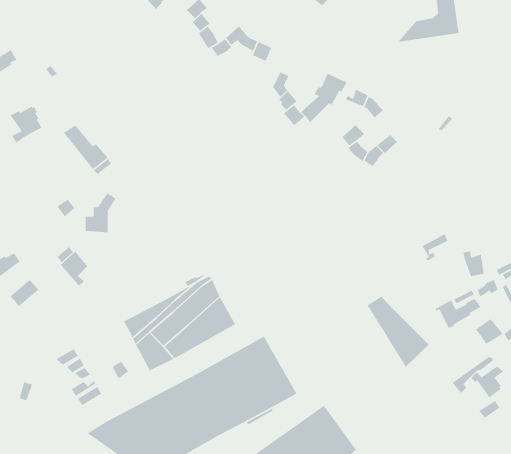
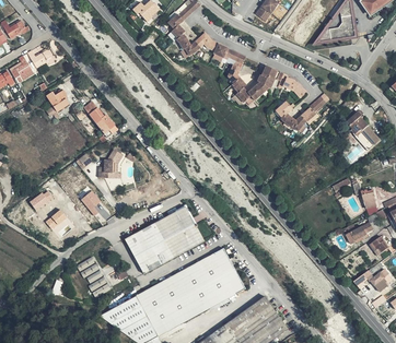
building: none -> [342,109,380,149]
building: [366,296,429,368] -> none

